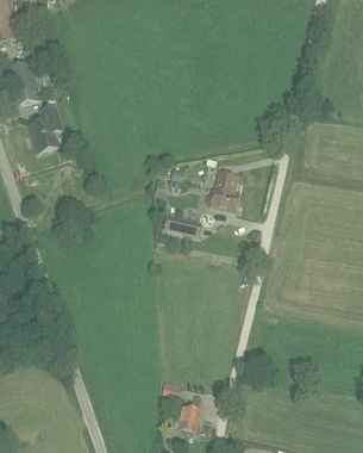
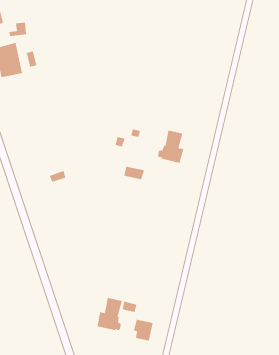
building: [26,103,63,154] -> none
building: none -> [97,297,123,331]

